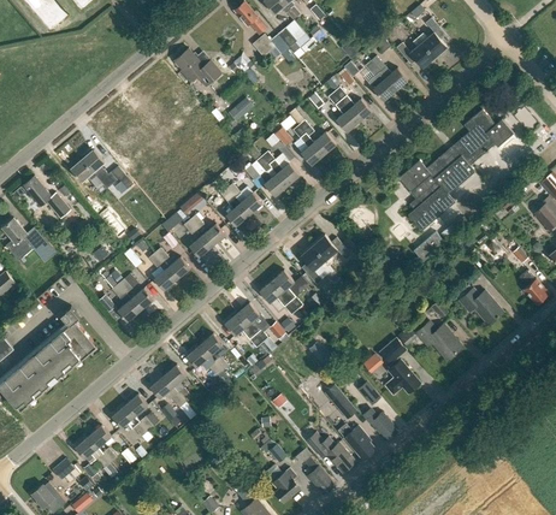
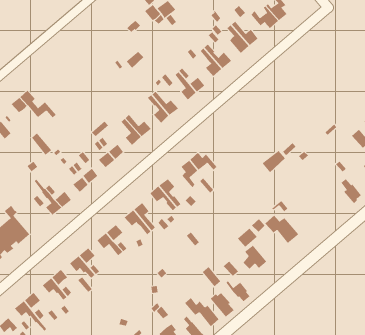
building: [173,48,221,85] -> none
building: [397,109,514,231] -> none
building: [459,288,503,324] -> none

